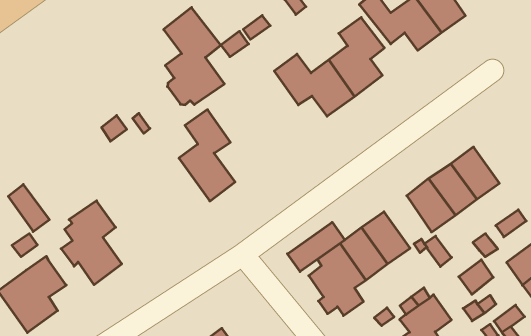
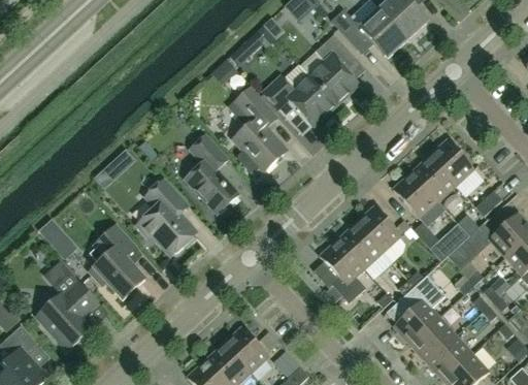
building: [164,7,224,105] -> [228,85,288,172]
building: none -> [138,180,196,255]
building: [287,222,345,272] -> none

